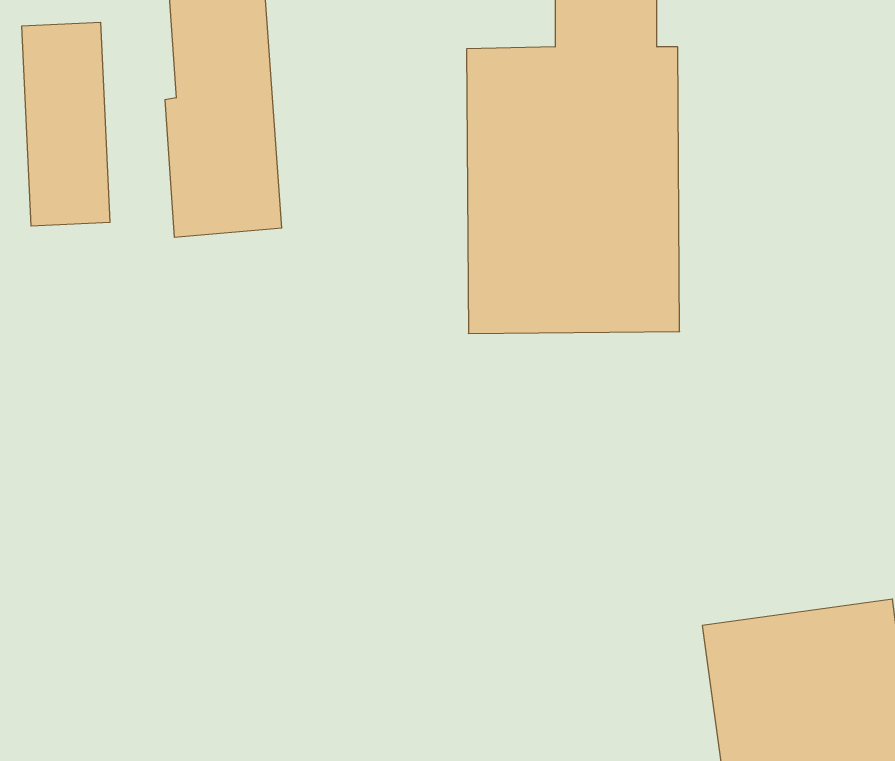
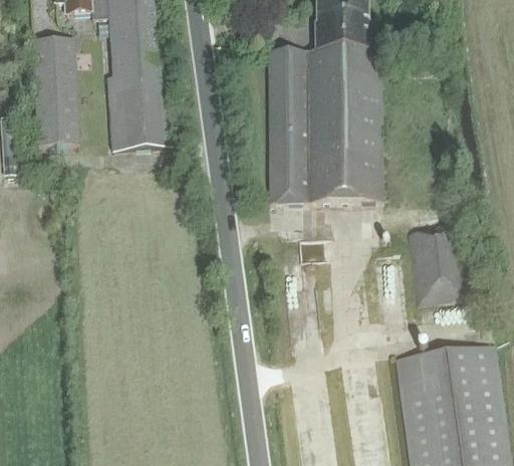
building: none -> [407,225,469,303]

